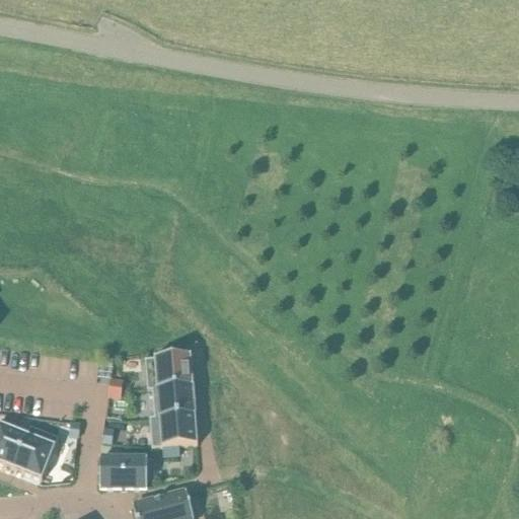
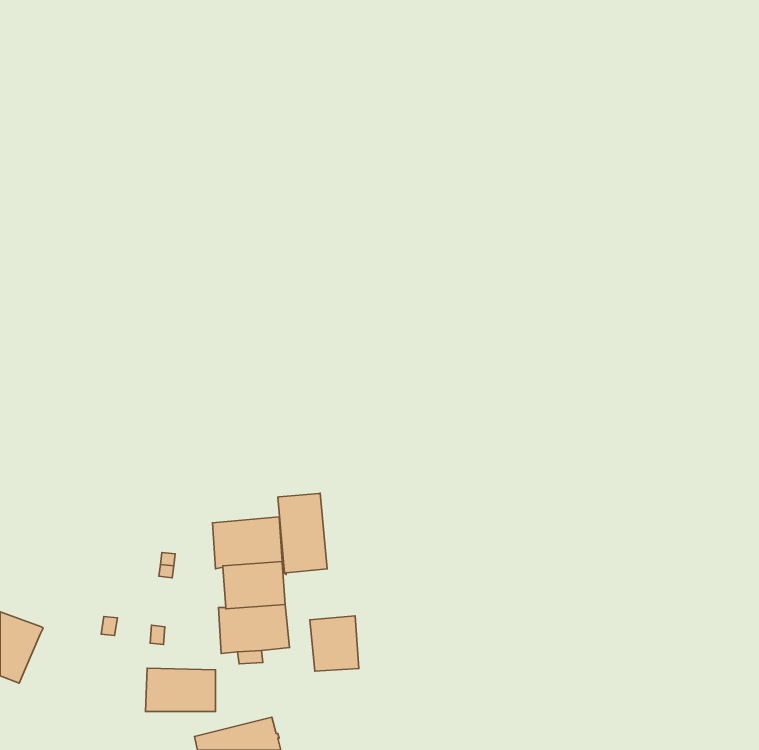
building: none -> [278,493,327,575]
building: none -> [310,616,359,671]
building: [13,424,59,477] -> none

